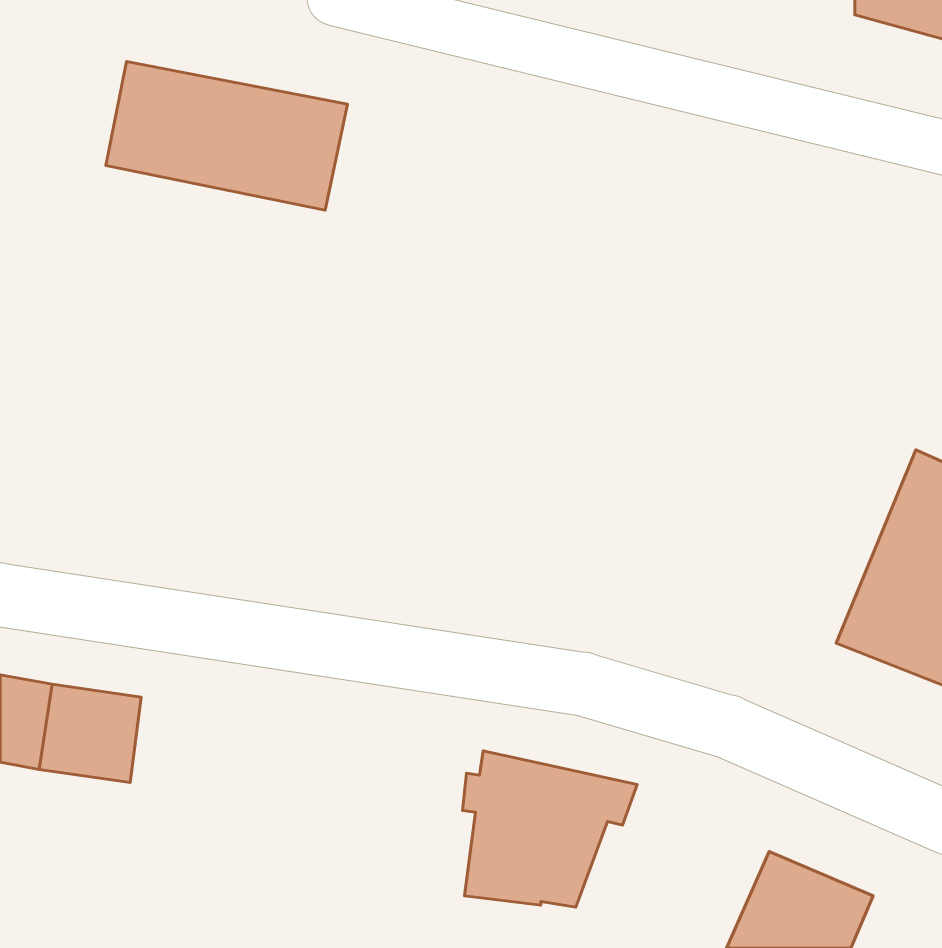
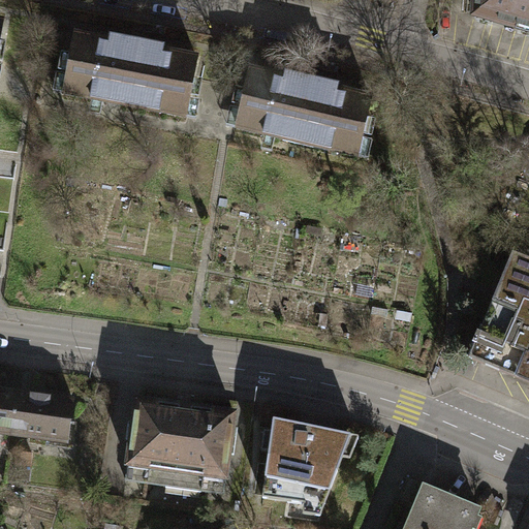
building: none -> [236,70,371,157]
building: none -> [124,398,236,493]

